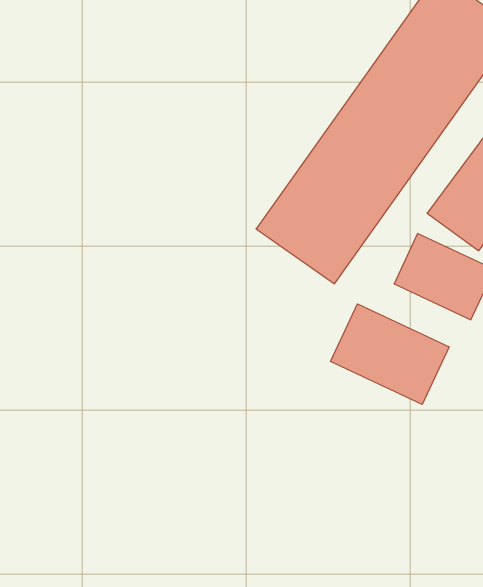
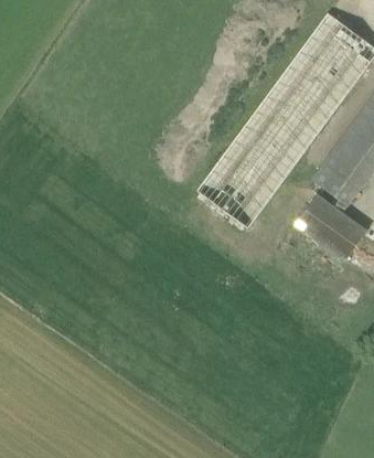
building: [330,304,449,404] -> none

